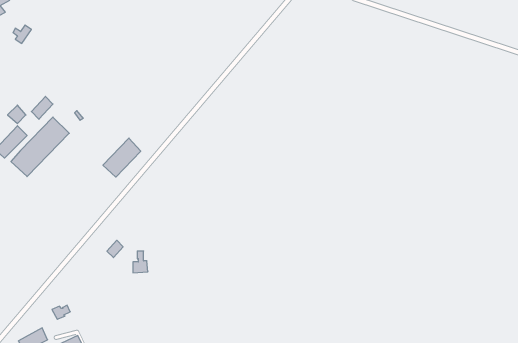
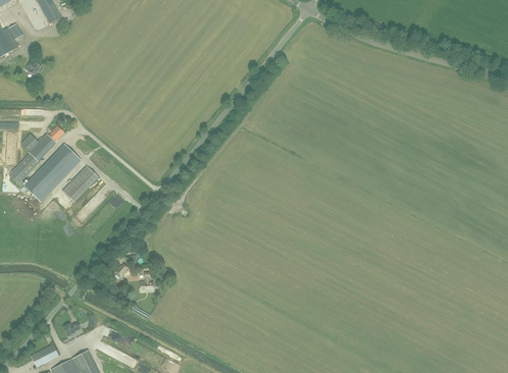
building: [103,138,141,177] -> [62,165,98,202]

